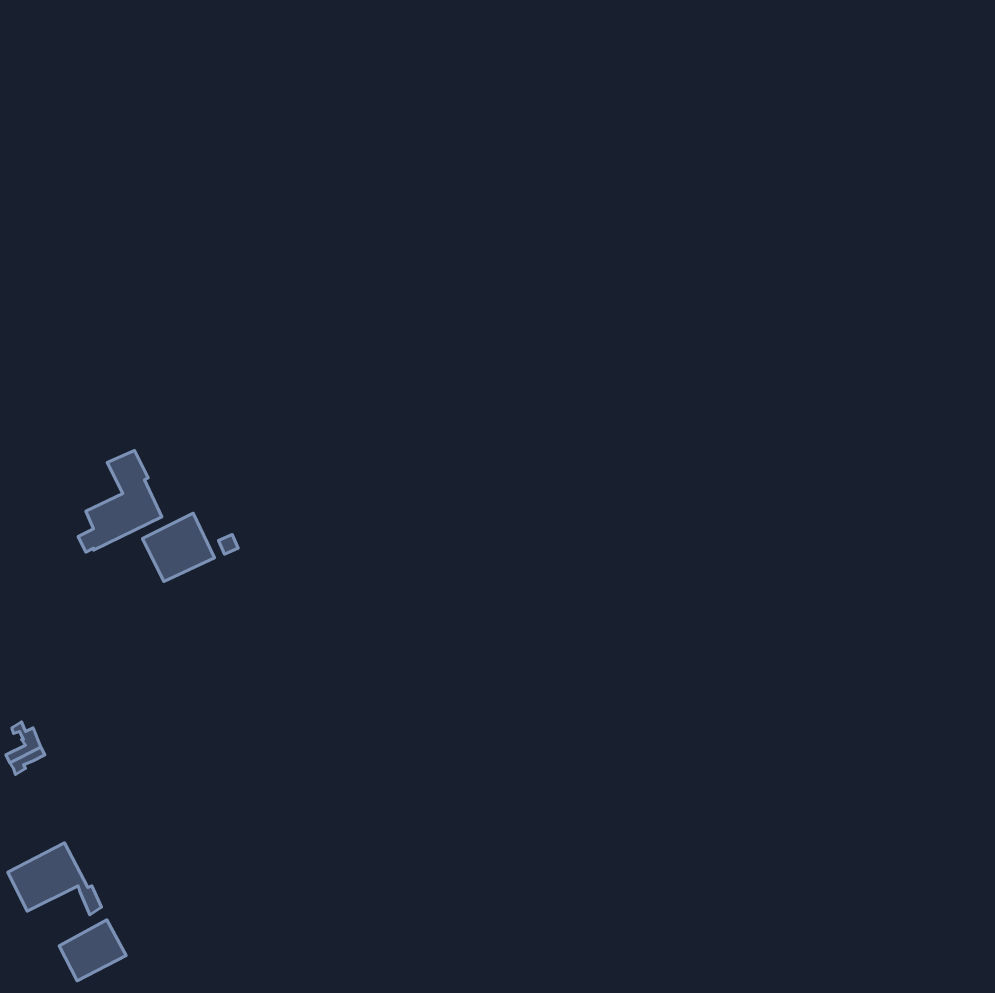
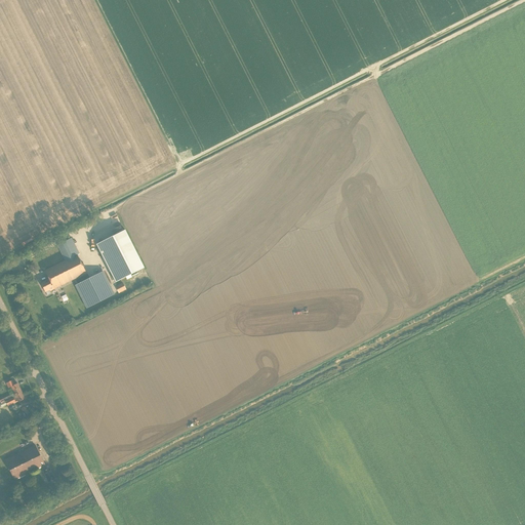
building: none -> [95,229,144,281]
building: [59,920,126,981] -> none

